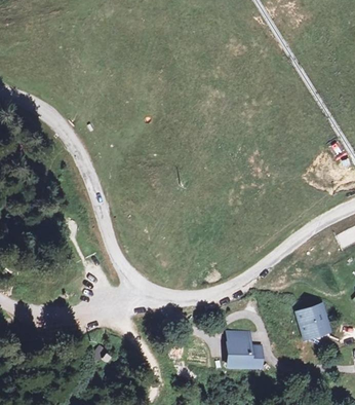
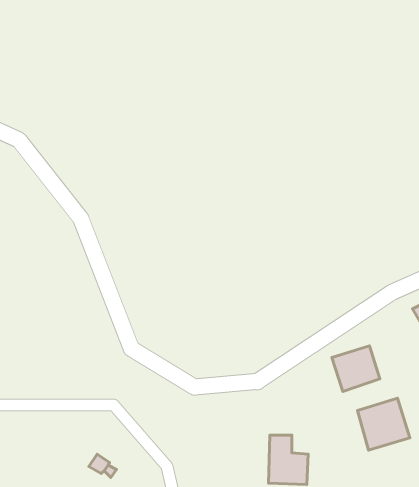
building: none -> [332,346,380,392]

